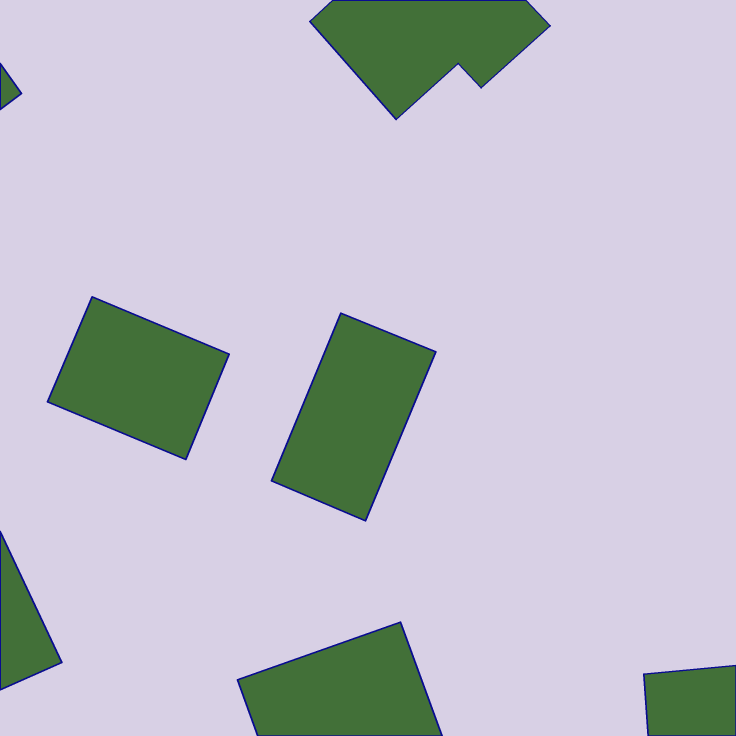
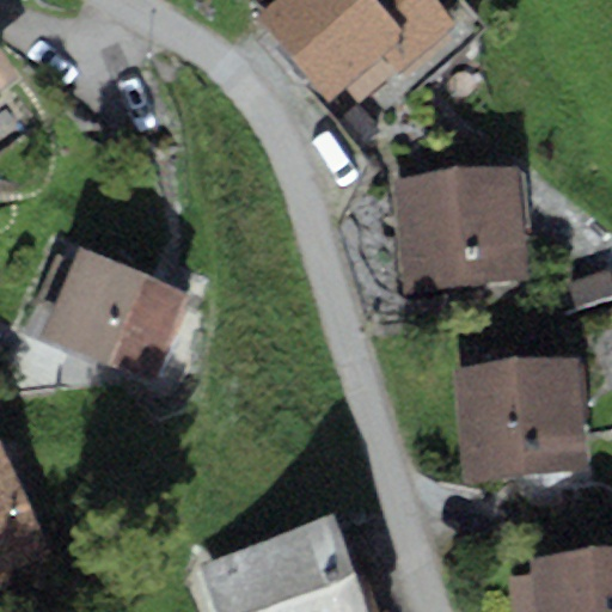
building: none -> [393,169,530,289]
building: [272,313,436,521] -> none
building: none -> [454,357,585,483]

